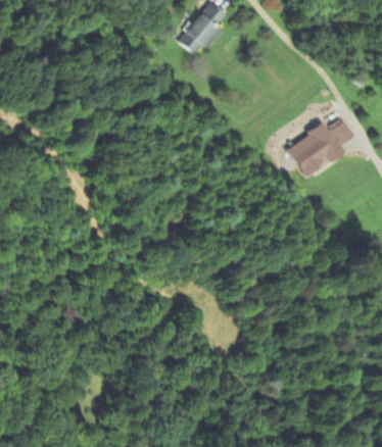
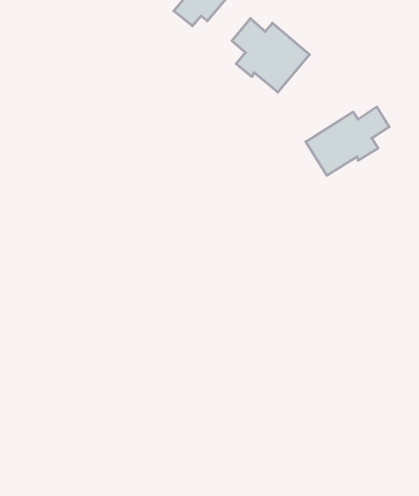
building: none -> [232,18,310,92]

